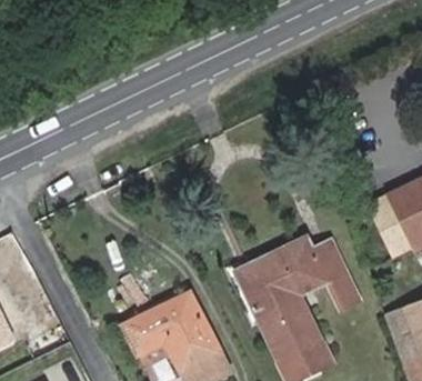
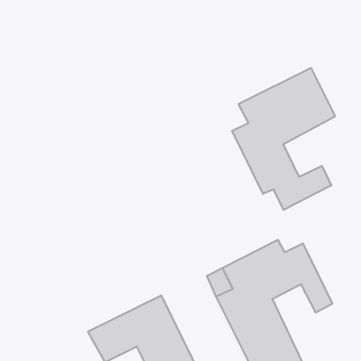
building: none -> [232,68,335,210]

